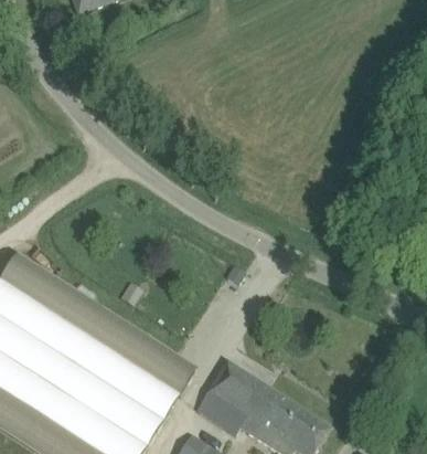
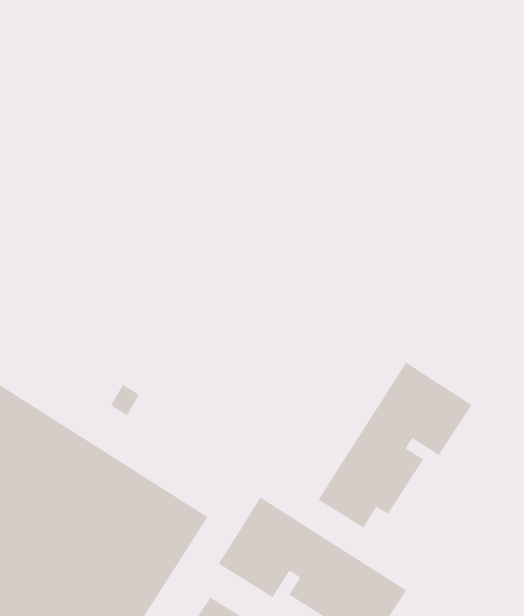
building: none -> [317,362,472,529]

